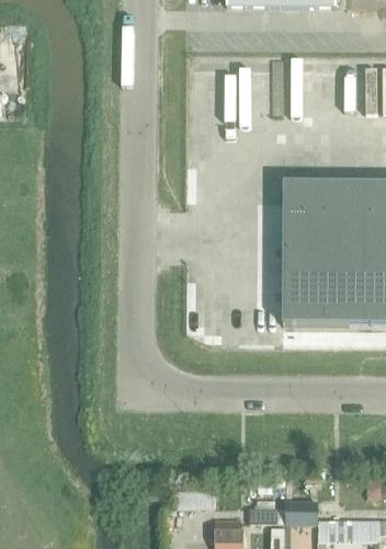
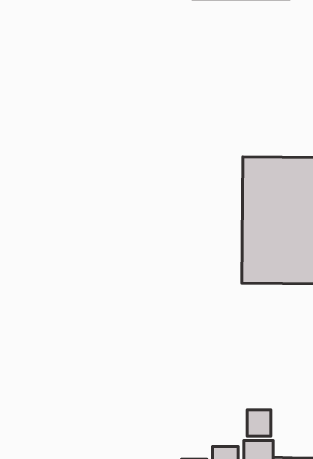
building: none -> [247,410,271,436]

